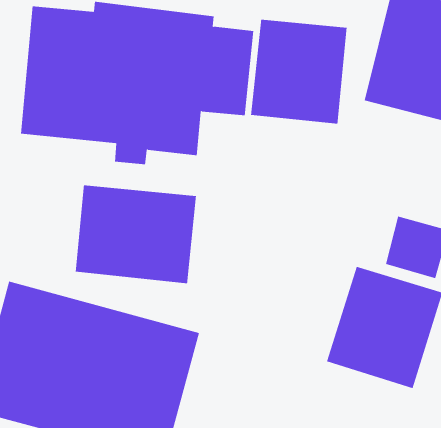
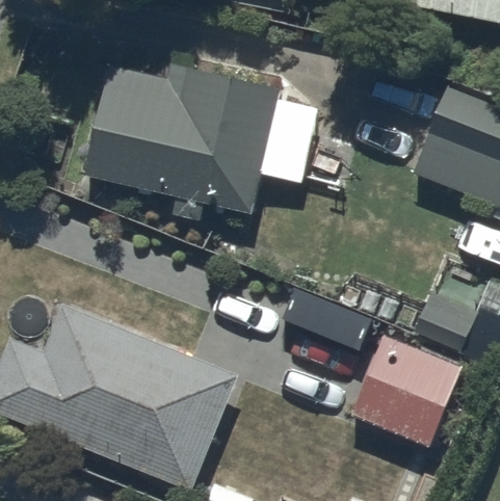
building: [251,19,347,125] -> none
building: [75,184,197,284] -> none

